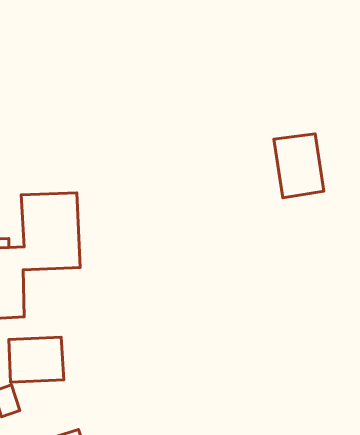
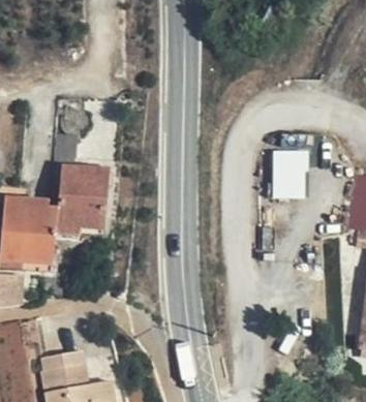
building: [9,337,64,382] -> none

